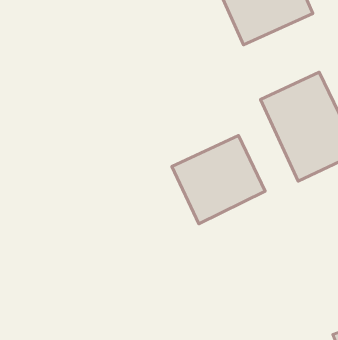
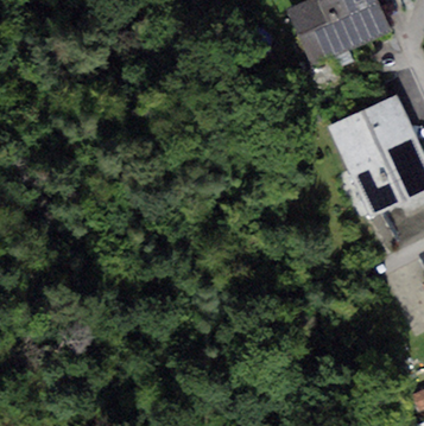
building: [172,136,265,224] -> none

